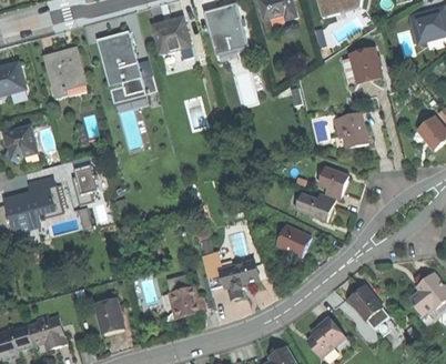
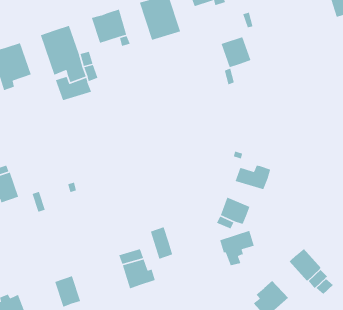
building: [349,48,382,81] -> [221,36,252,68]
building: [335,112,368,148] -> none
building: [72,155,99,204] -> none
building: [318,166,347,199] -> none
building: [222,260,260,297] -> [219,230,255,266]

